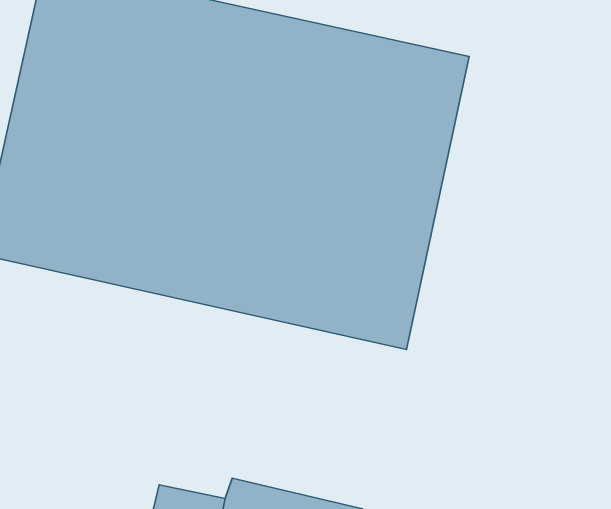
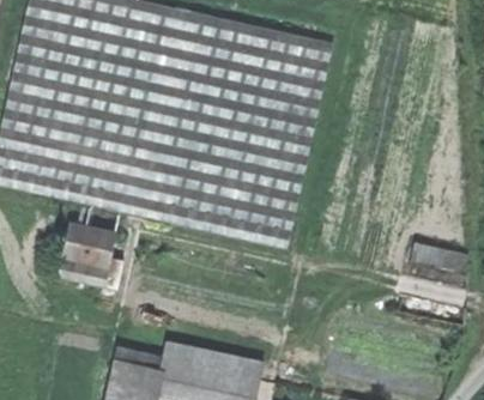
building: none -> [60,219,114,265]

